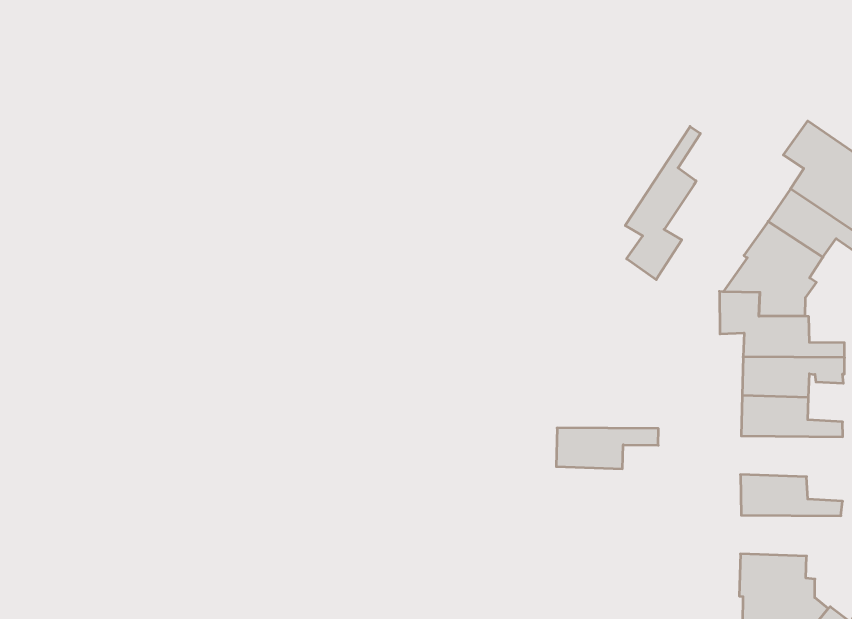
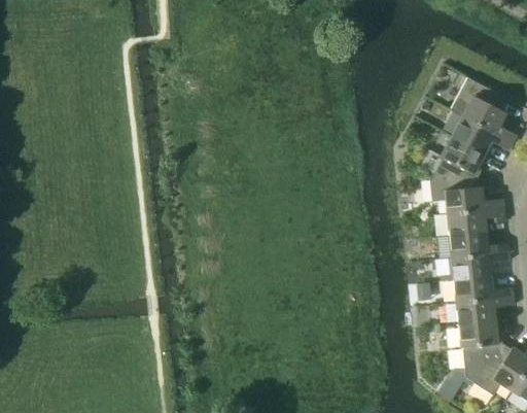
building: [625,126,700,280] -> none
building: [556,428,658,469] -> [451,251,508,279]
building: none -> [456,296,513,323]

